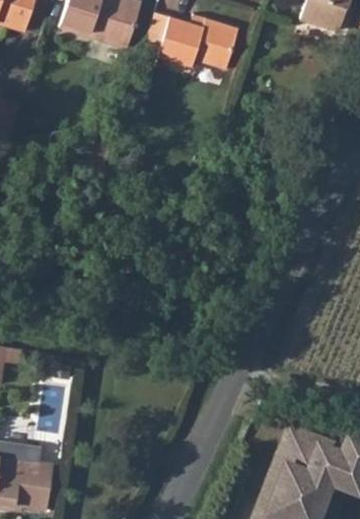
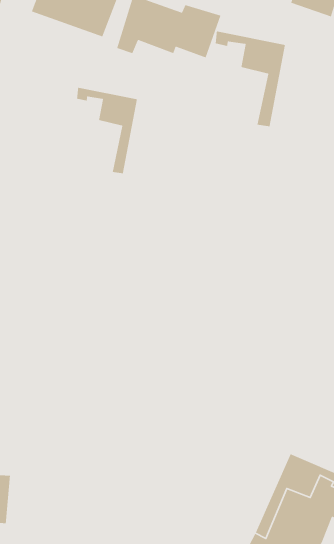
building: none -> [215,30,286,127]
building: none -> [76,87,138,174]

